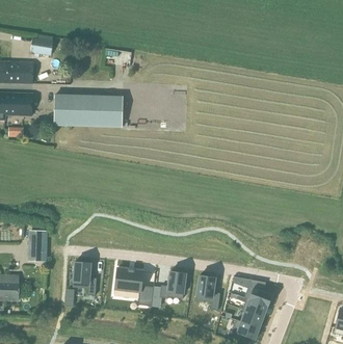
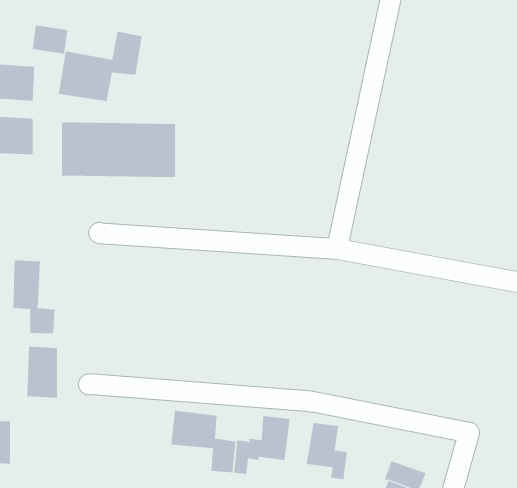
building: none -> [58,31,142,102]
building: none -> [13,260,55,334]
building: [73,262,97,295] -> none
building: [232,276,272,307] -> none

